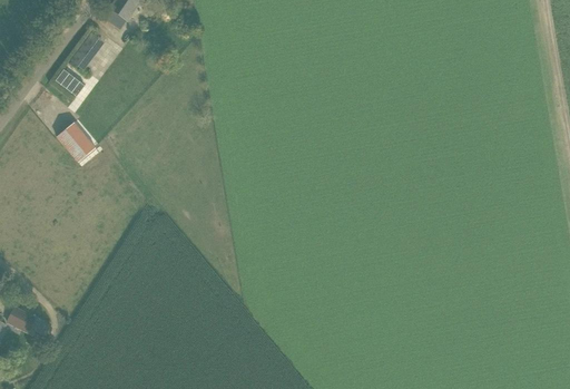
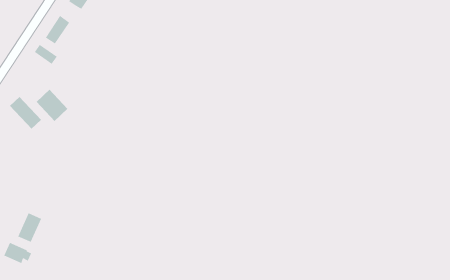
building: none -> [9,96,42,130]
building: none -> [17,212,42,243]

